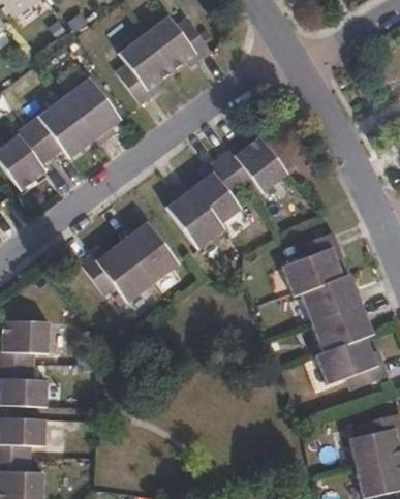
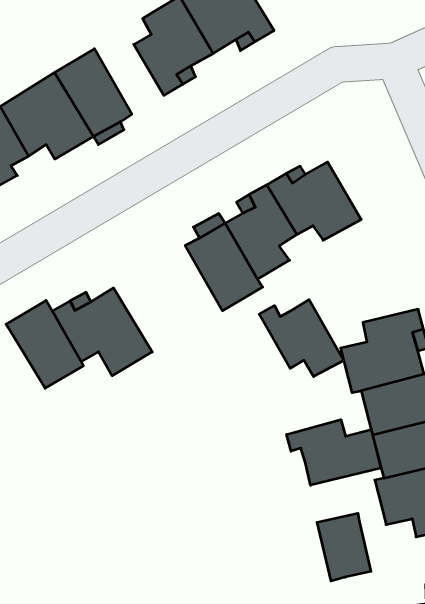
building: [121,221,178,282] -> [6,300,83,388]
building: none -> [259,300,344,377]
building: none -> [287,420,381,485]
building: none -> [317,513,371,581]

